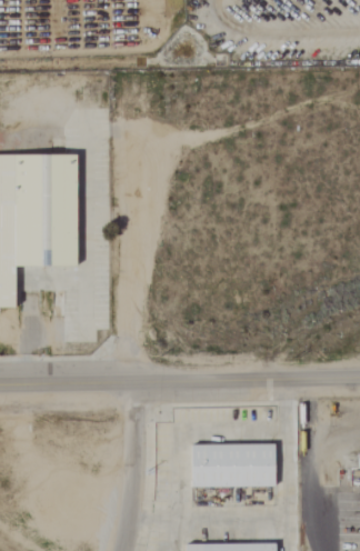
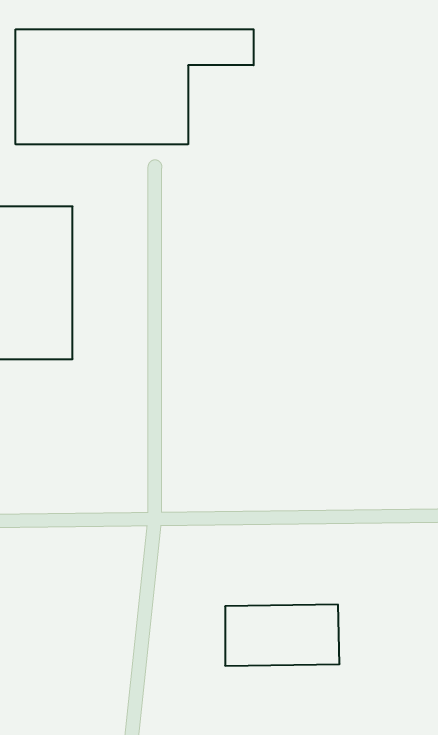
building: none -> [16,29,254,144]

